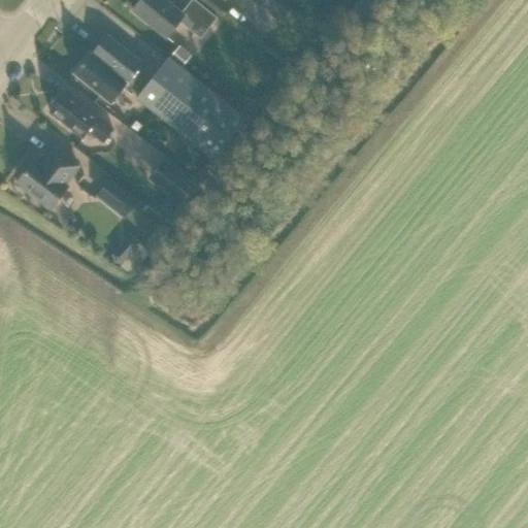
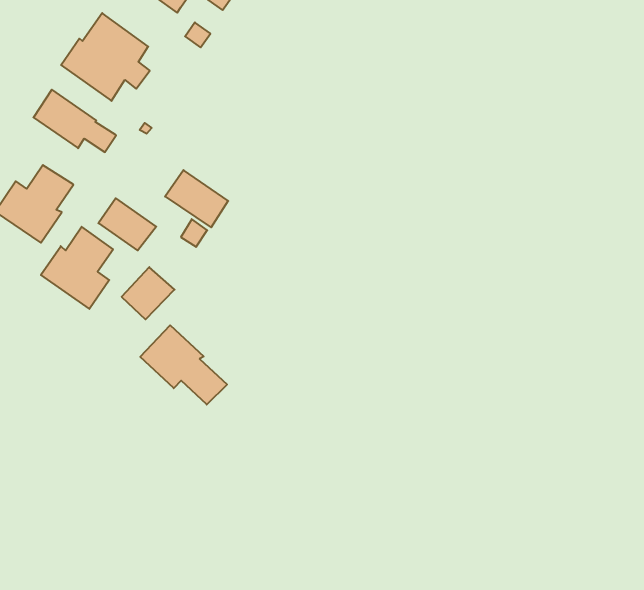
building: [134,56,244,158] -> none
building: none -> [41,227,113,309]
building: none -> [140,325,227,405]

